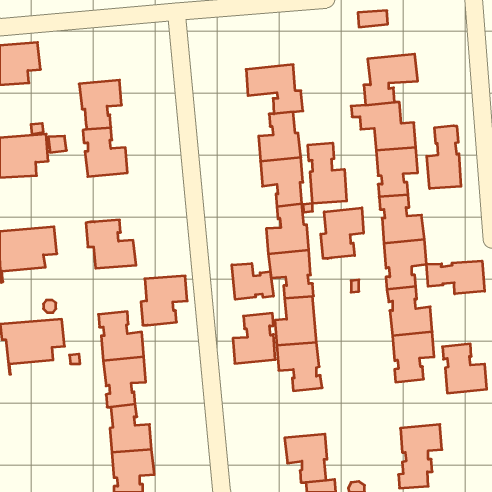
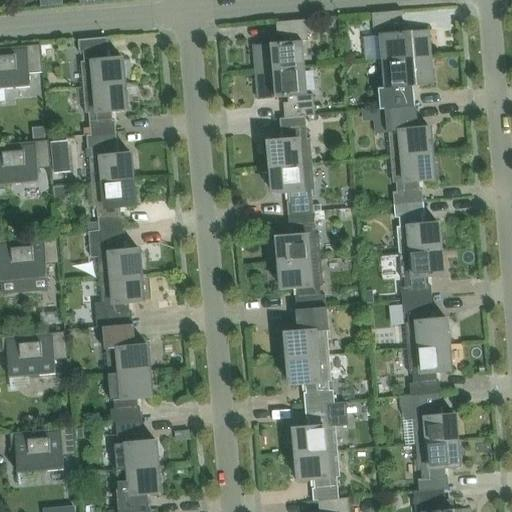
building: none -> [252,19,308,72]
building: none -> [379,29,430,61]
building: none -> [77,37,124,87]
building: [427,126,461,189] -> none
building: [308,143,347,204] -> none
building: none -> [91,179,135,230]
building: [321,208,363,259] -> none
building: [426,261,485,294] -> none
building: [232,263,273,299] -> none
building: [141,276,187,325] -> [95,275,143,326]
building: [233,313,275,363] -> [293,402,337,454]
building: [442,344,487,393] -> [410,393,456,444]
building: none -> [9,426,75,484]

